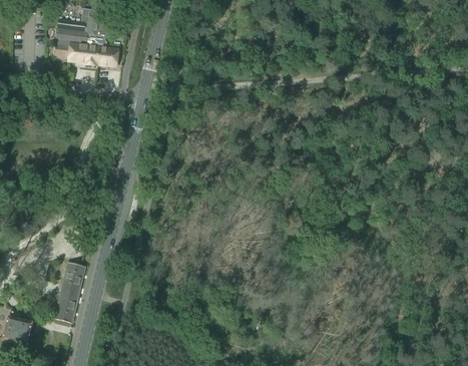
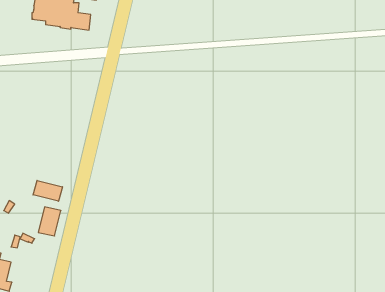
building: none -> [33,180,62,201]
building: [53,289,78,321] -> none

